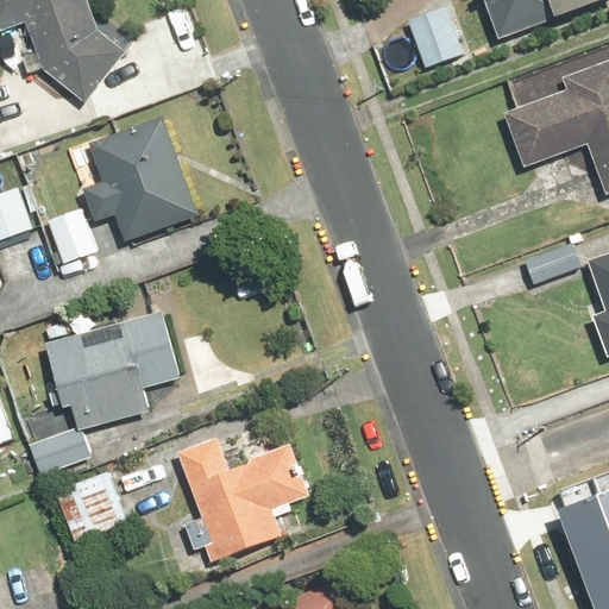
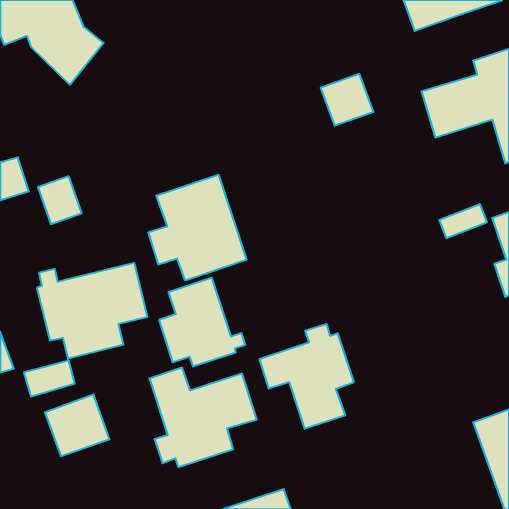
building: [406,5,469,67] -> [321,74,373,126]
building: [82,114,200,240] -> [148,175,247,280]
building: none -> [159,278,245,367]
building: none -> [259,324,354,429]

